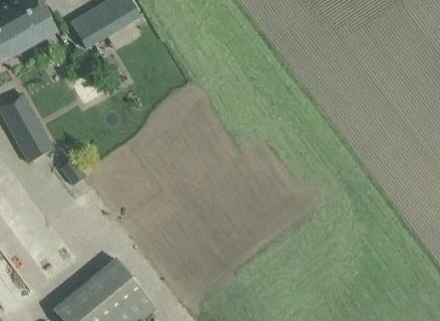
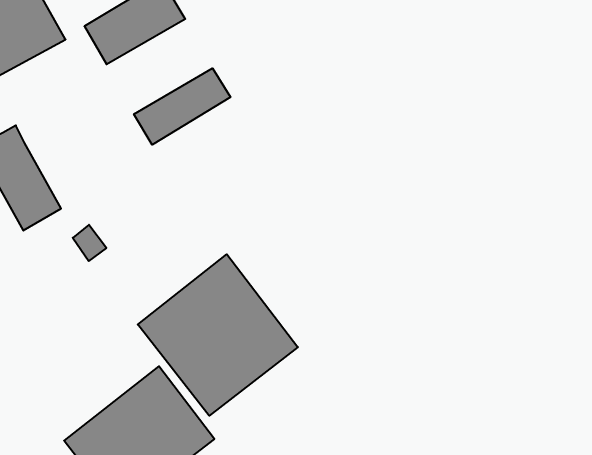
building: none -> [134,68,230,145]
building: none -> [138,254,298,416]

